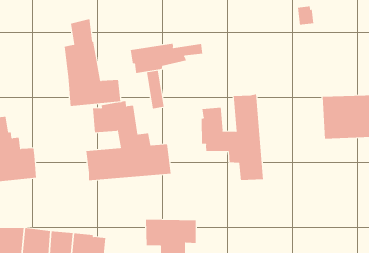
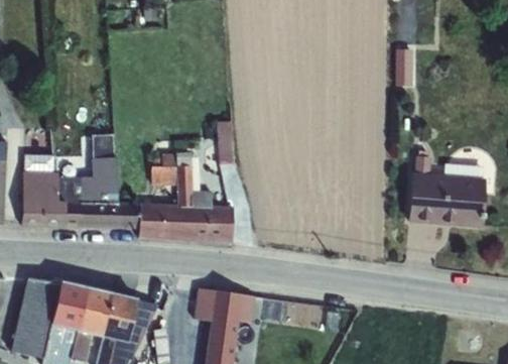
building: [64,18,121,107] -> [81,130,139,228]
building: [130,43,203,74] -> none
building: [201,94,264,181] -> none

